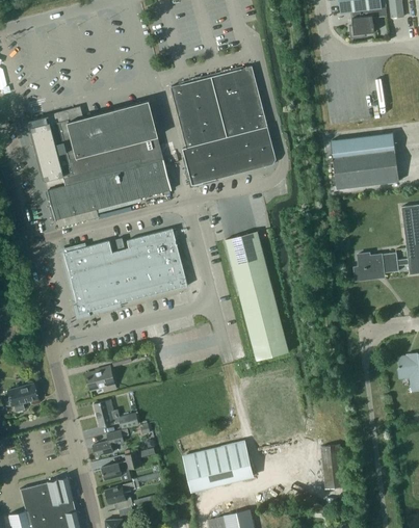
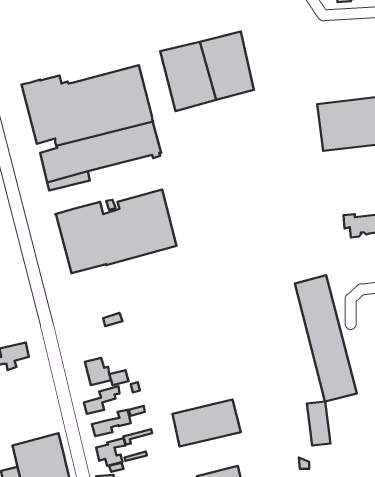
building: [182,126,276,185] -> none
building: [226,231,289,360] -> [295,275,357,402]
building: [86,366,115,392] -> none

